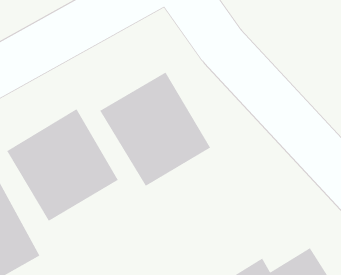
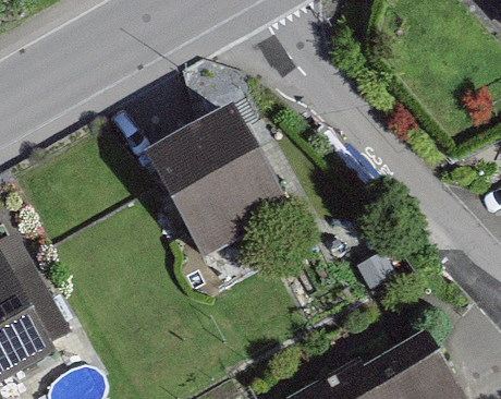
building: [6,108,119,222] -> none

